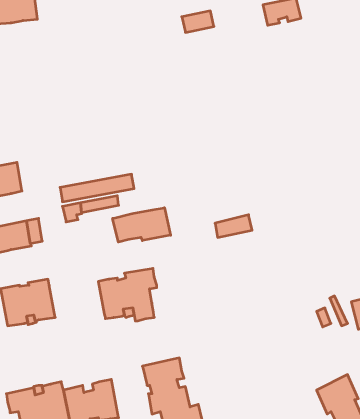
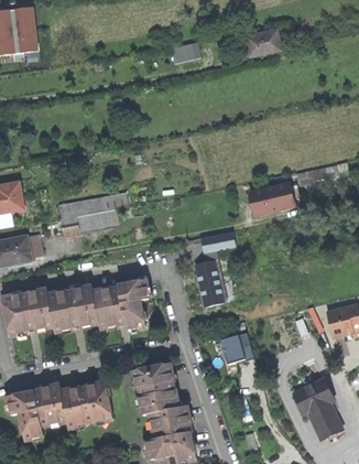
building: none -> [250,183,294,215]
building: [113,208,171,242] -> none
building: none -> [195,259,228,306]
building: none -> [48,288,99,330]
building: none -> [220,332,253,364]

